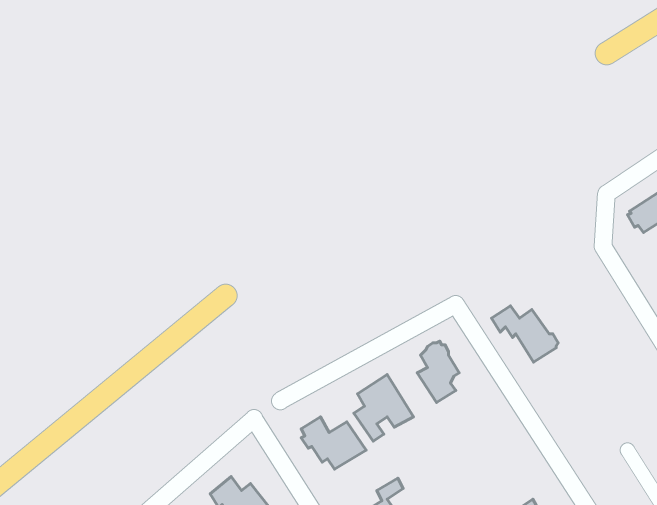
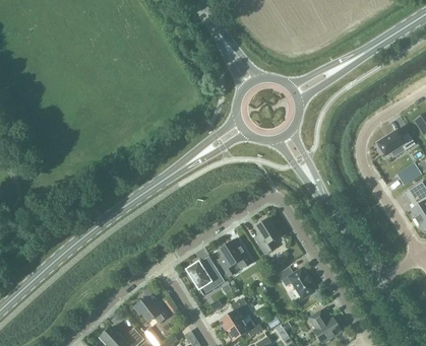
building: [491,306,558,362] -> [278,266,316,298]

